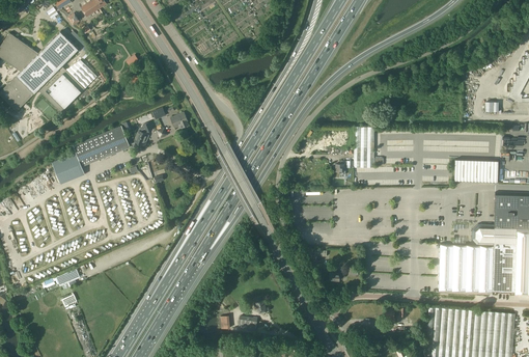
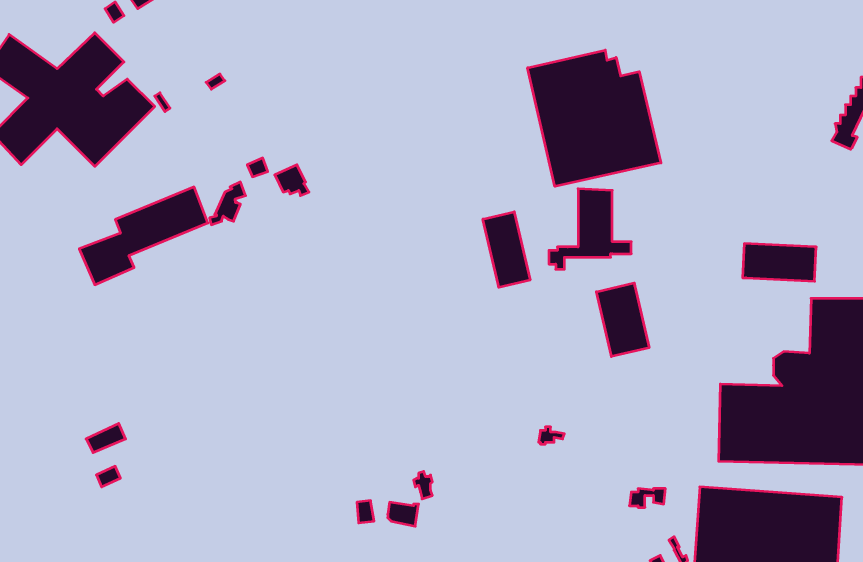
building: none -> [528,50,661,186]
building: none -> [483,212,530,287]
building: none -> [596,283,649,357]

